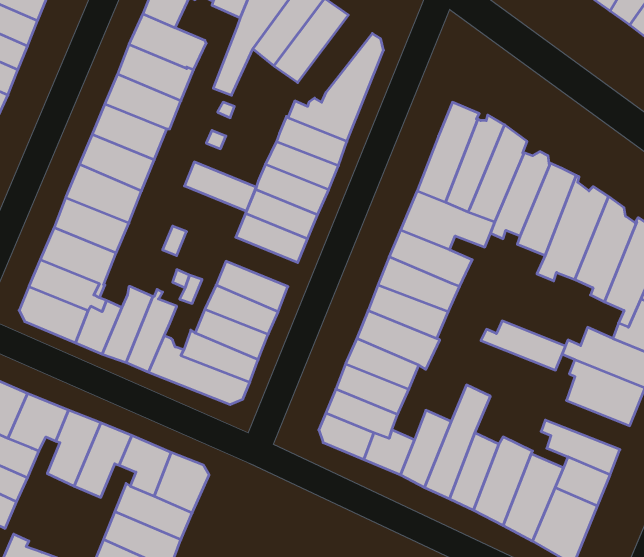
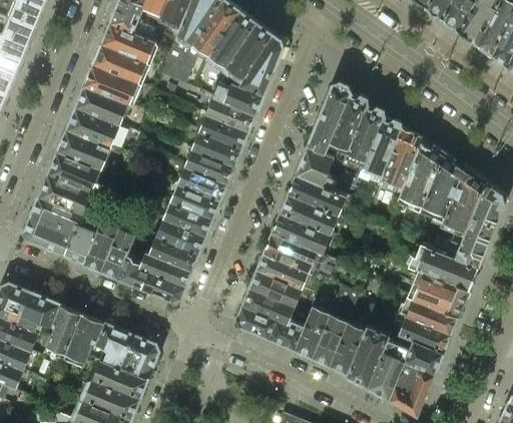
building: none -> [219,23,275,88]
building: [184,162,256,211] -> [170,181,221,217]
building: [481,321,565,370] -> [398,298,458,333]

